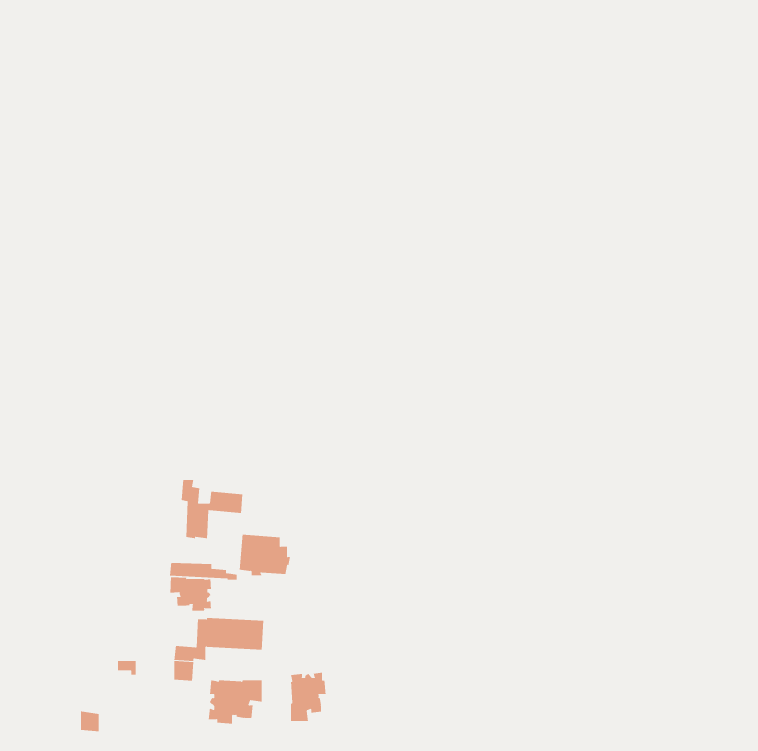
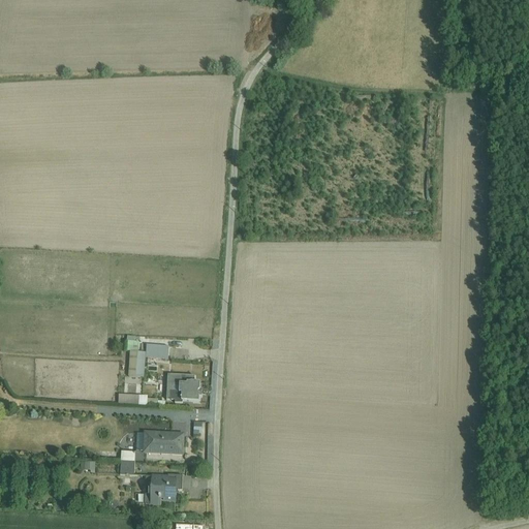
building: [170,576,212,612] -> none
building: [291,672,326,722] -> none

